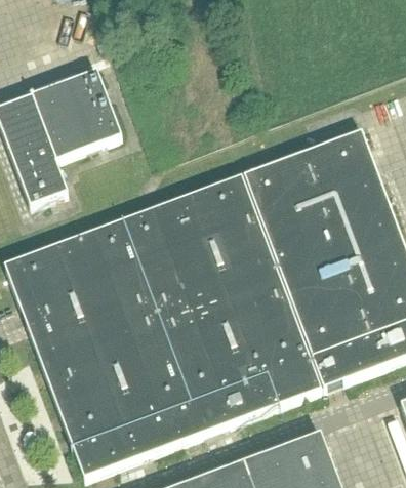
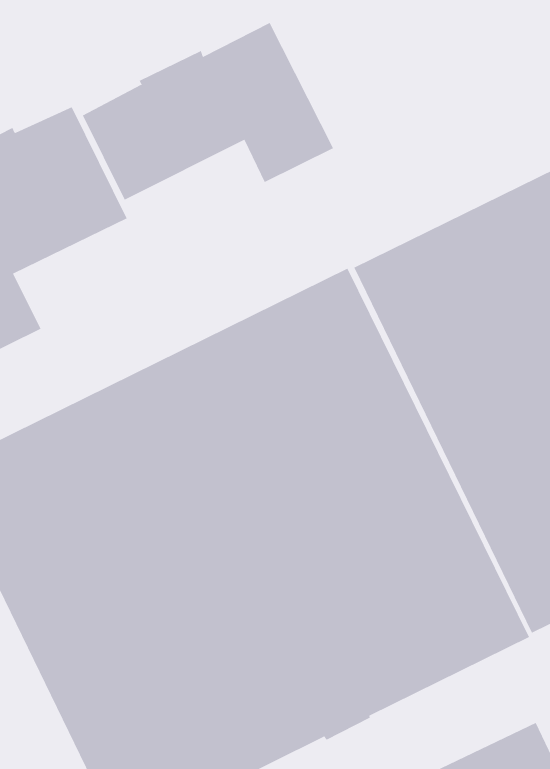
building: none -> [82,22,334,200]

